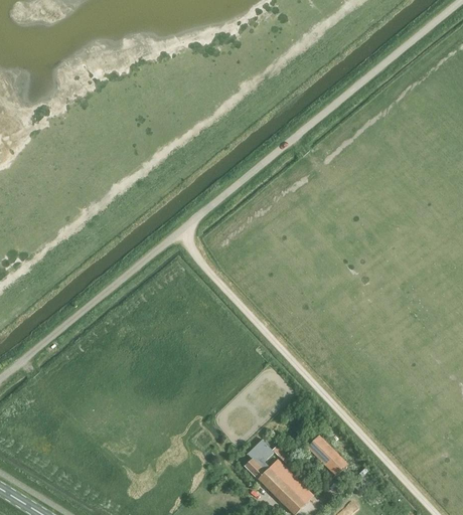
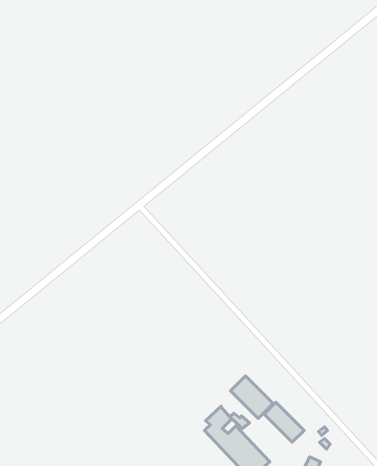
building: none -> [230,376,273,418]

